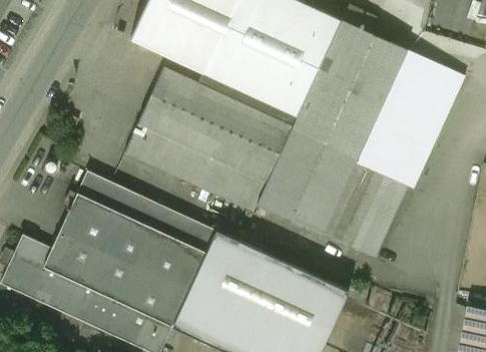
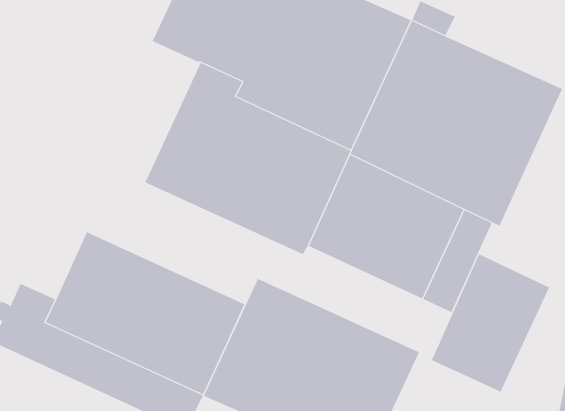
building: [76,170,215,252] -> none
building: none -> [431,253,550,392]

